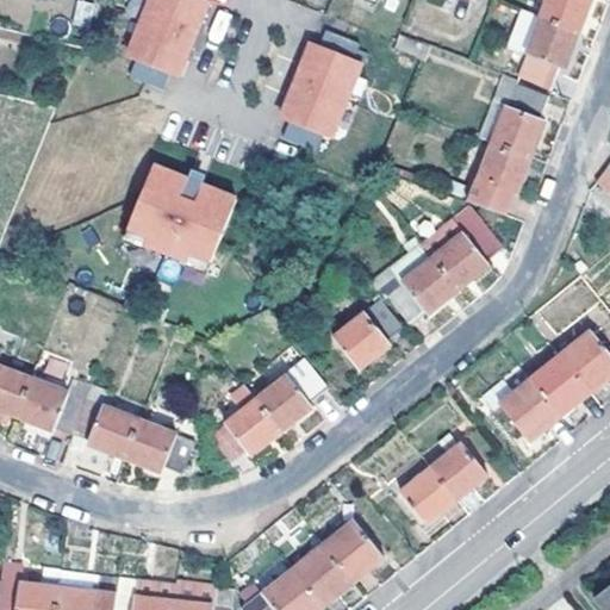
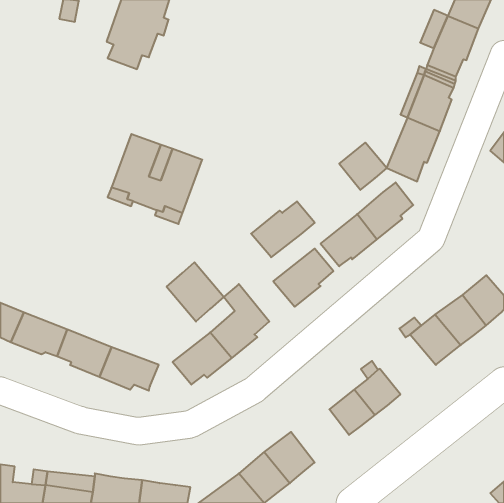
building: [287,18,366,141] -> none
building: none -> [339,143,387,190]
building: none -> [251,201,315,257]
building: none -> [167,262,224,322]

